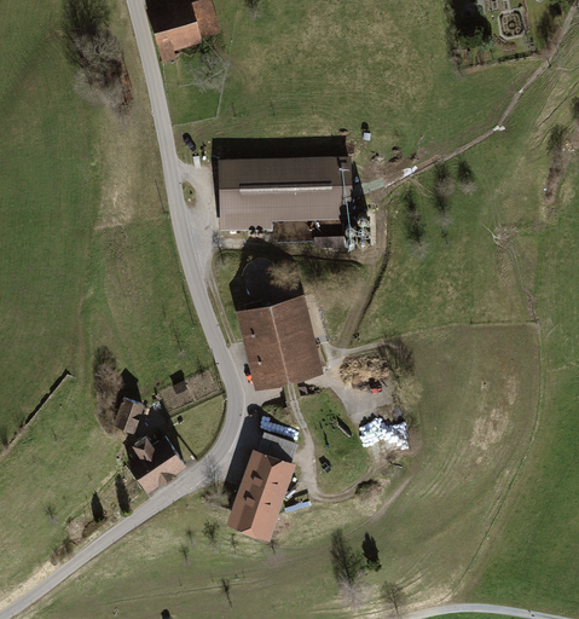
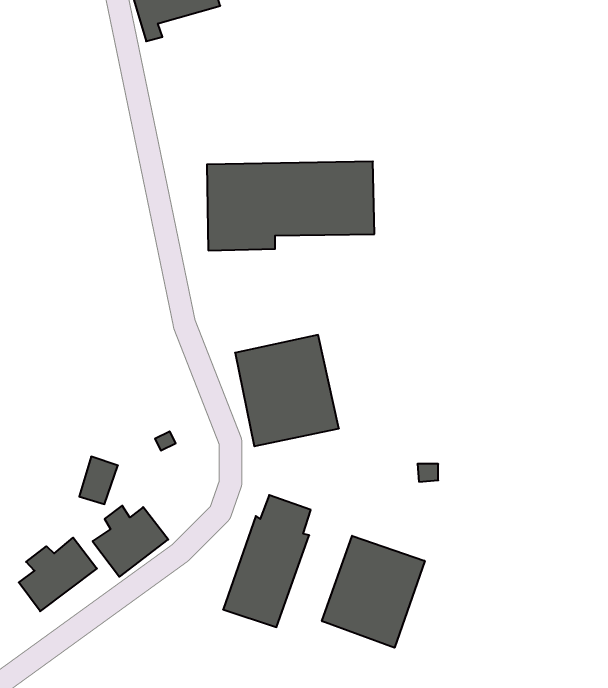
building: none -> [322,536,425,648]
building: none -> [19,538,97,611]

